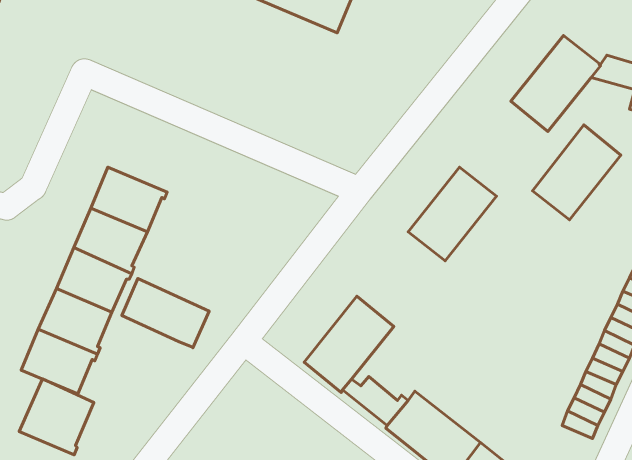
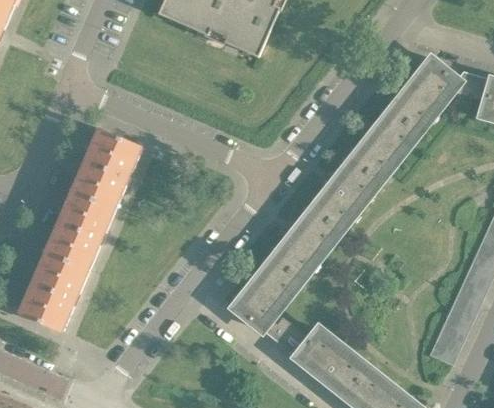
building: [533,125,621,220] -> [352,108,419,180]
building: none -> [85,127,141,177]
building: none -> [274,207,341,279]
building: [122,279,209,348] -> none
building: [19,379,94,455] -> none

